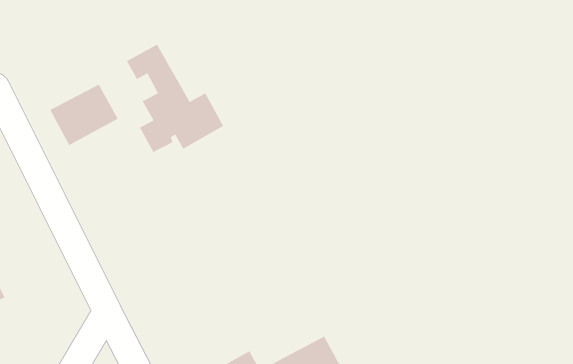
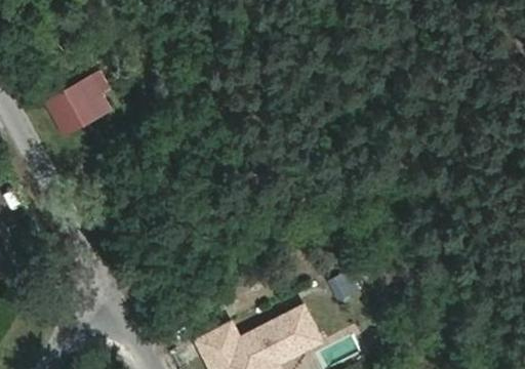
building: [126,44,224,153] -> none

